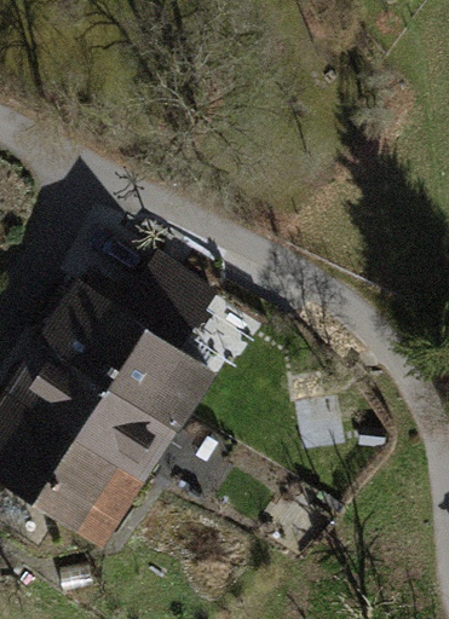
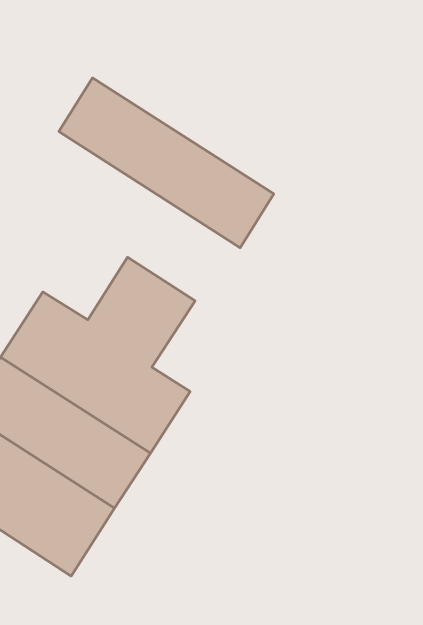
building: none -> [59,78,274,248]

